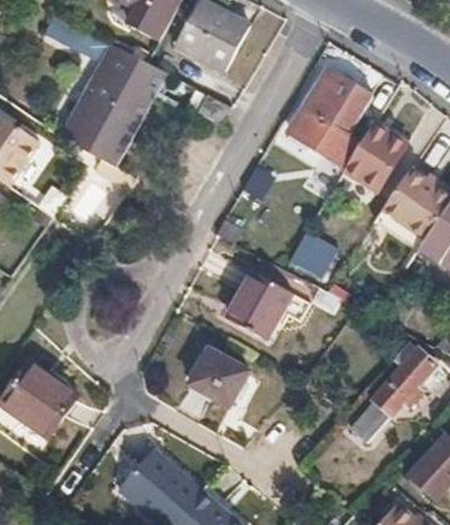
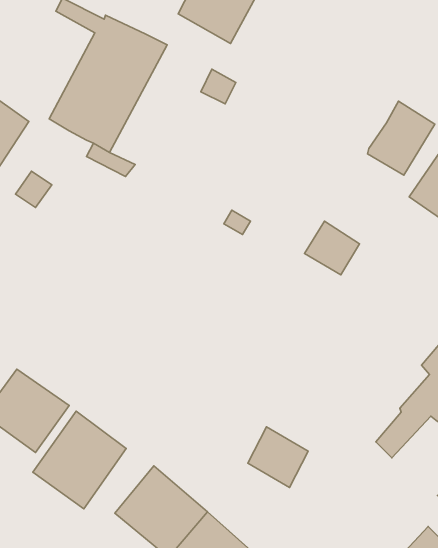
building: [290,67,373,165] -> none
building: [226,272,289,340] -> none
building: [193,350,247,405] -> [248,427,308,488]
building: none -> [33,411,126,509]

